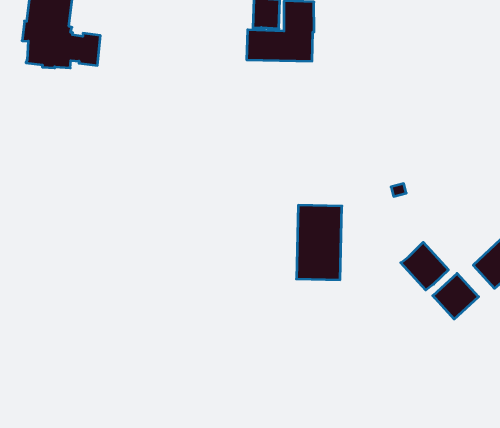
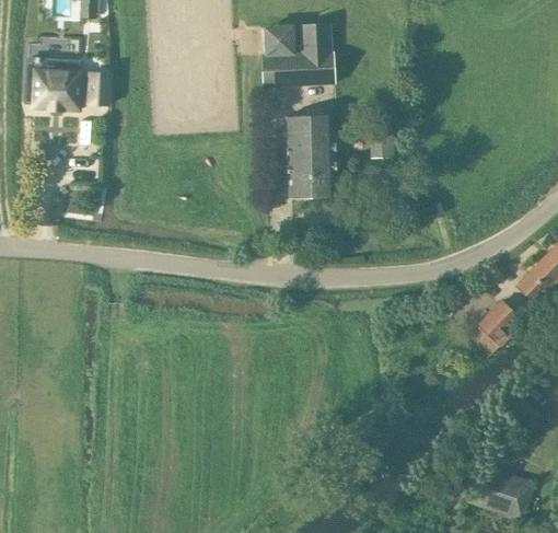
building: [296,205,342,280] -> [286,116,335,196]
building: [401,242,448,290] -> none

